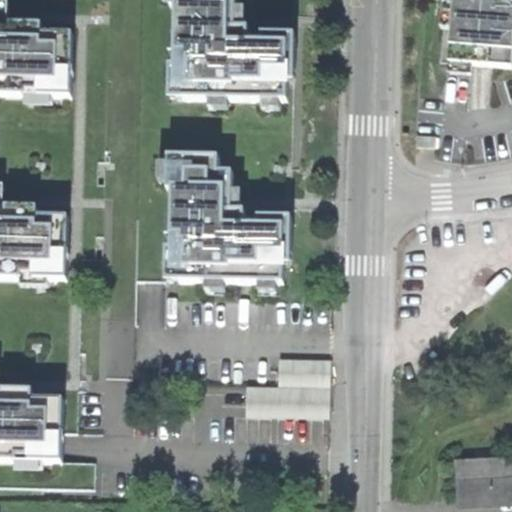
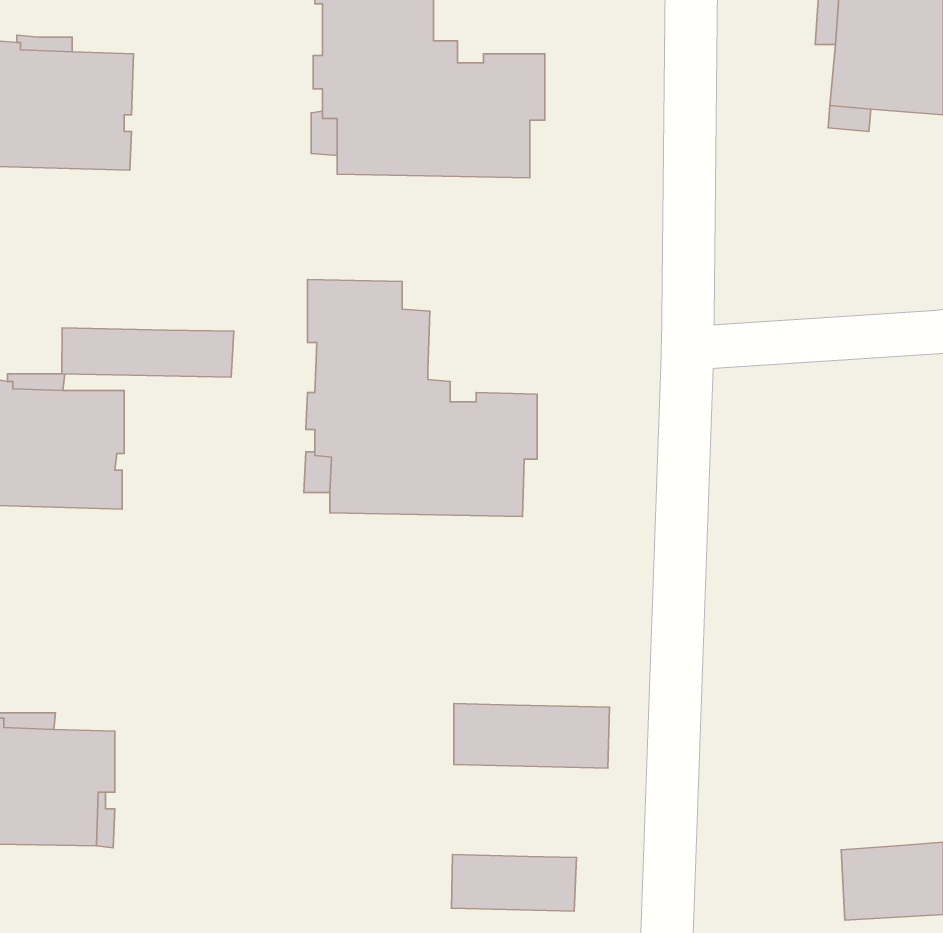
building: none -> [62,328,234,377]
building: [278,354,329,382] -> none
building: none -> [452,854,577,911]

